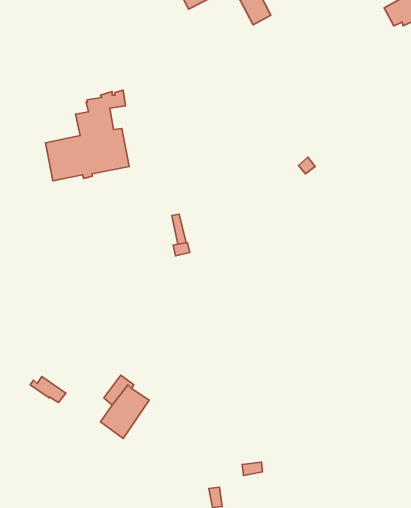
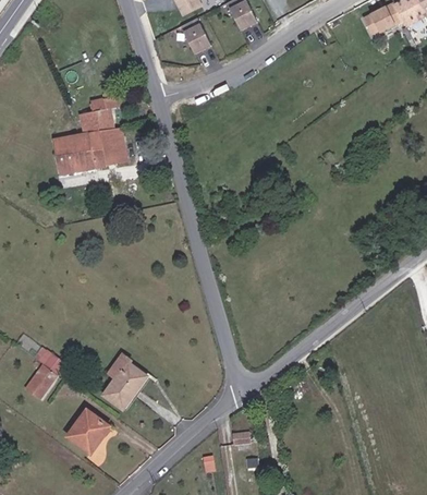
building: none -> [181,20,212,56]
building: none -> [24,364,57,399]
building: none -> [66,409,110,454]

